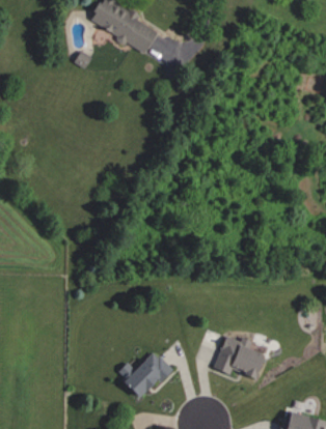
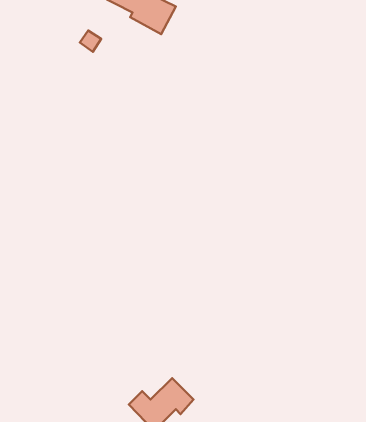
building: [214,336,263,378] -> none

